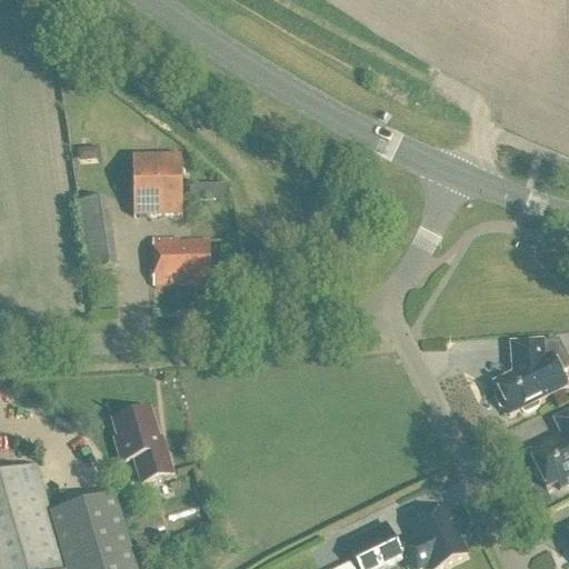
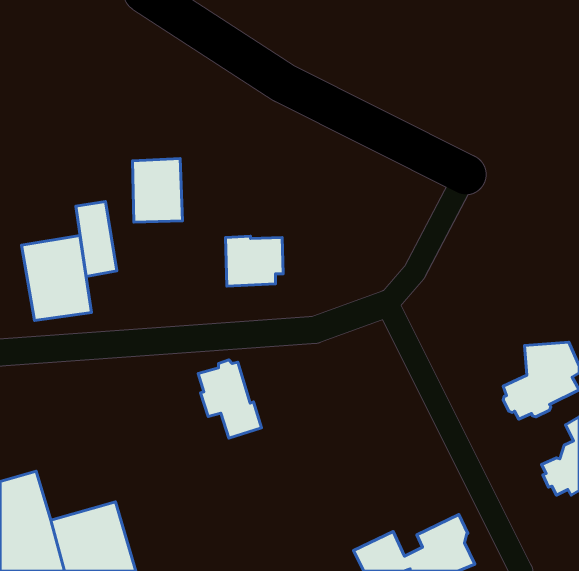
building: none -> [22,235,92,321]
building: [152,234,209,283] -> [226,236,283,286]
building: [111,405,173,481] -> [198,360,262,438]

